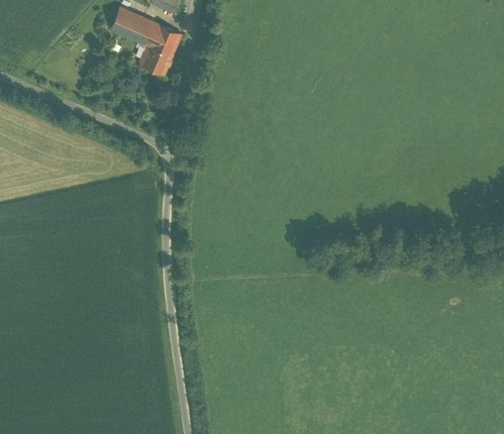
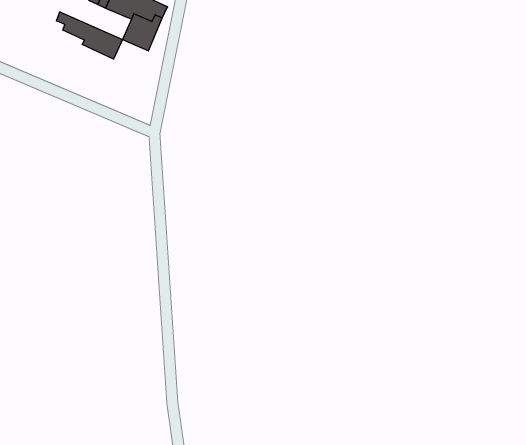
building: none -> [56,12,123,59]

